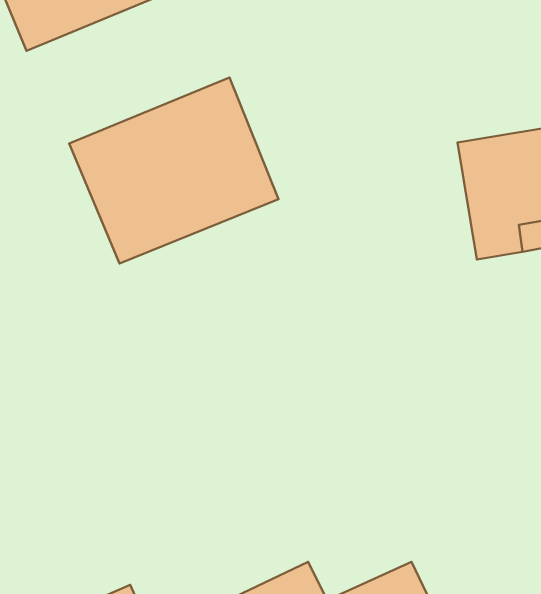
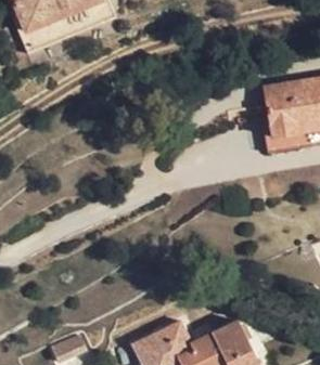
building: [69,78,279,263] -> none

